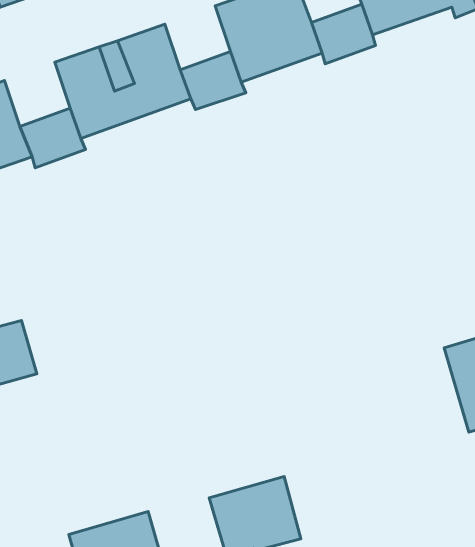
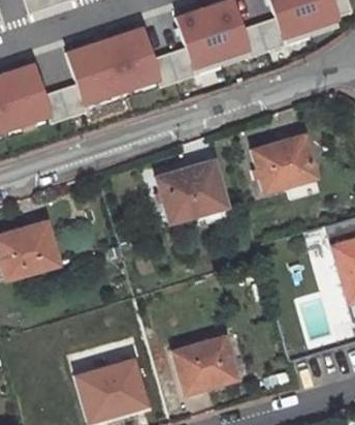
building: none -> [250,141,316,201]
building: none -> [156,166,226,225]

